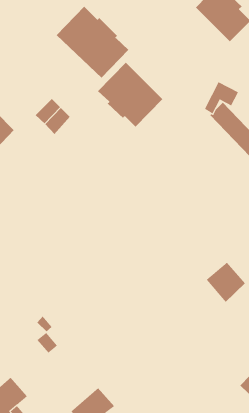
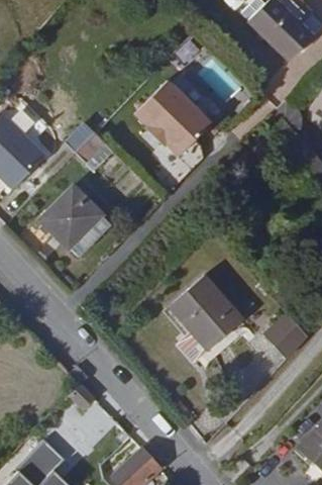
building: [56,6,129,78] -> none
building: none -> [41,185,103,247]
building: none -> [170,277,240,349]

